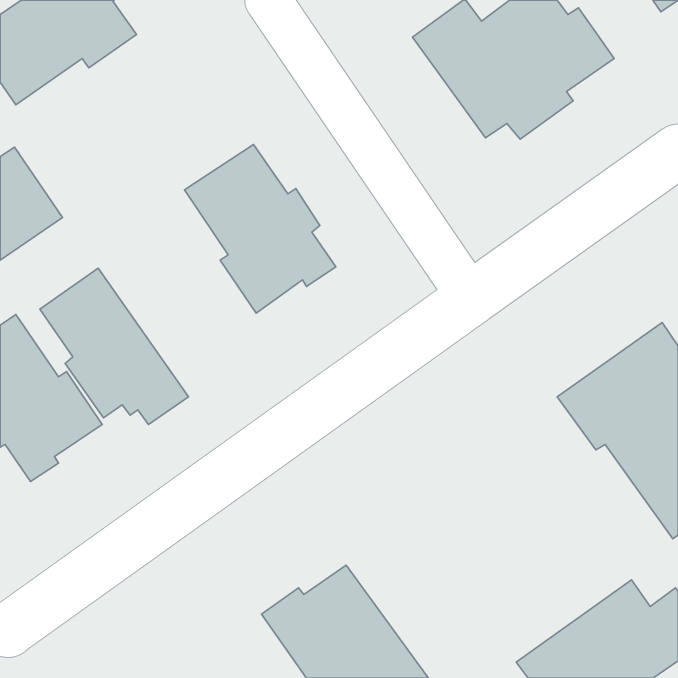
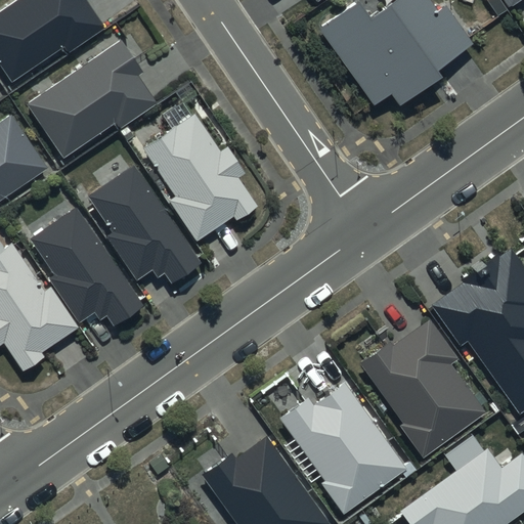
building: none -> [29,41,158,158]
building: none -> [88,164,203,285]
building: none -> [359,319,486,457]
building: none -> [279,384,407,515]

